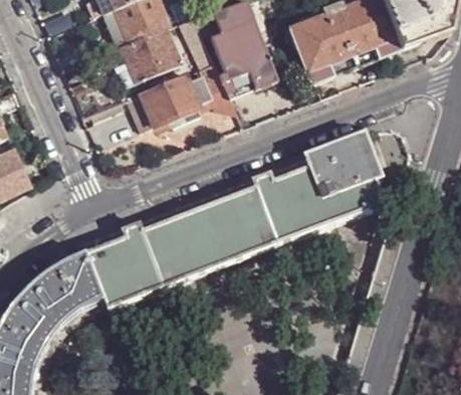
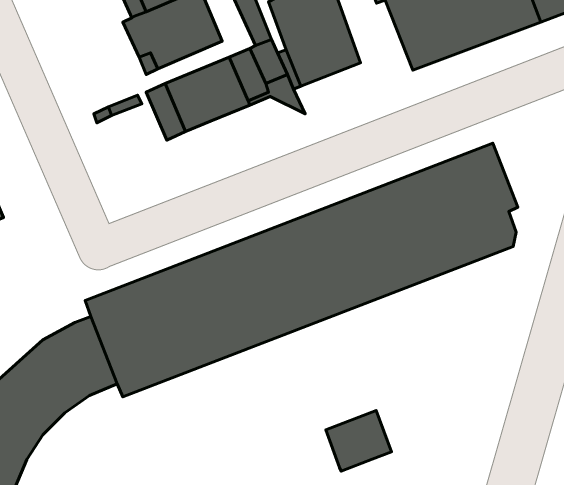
building: none -> [326,410,392,471]

